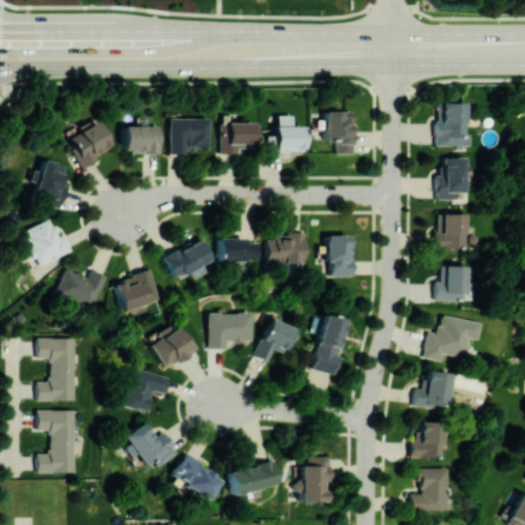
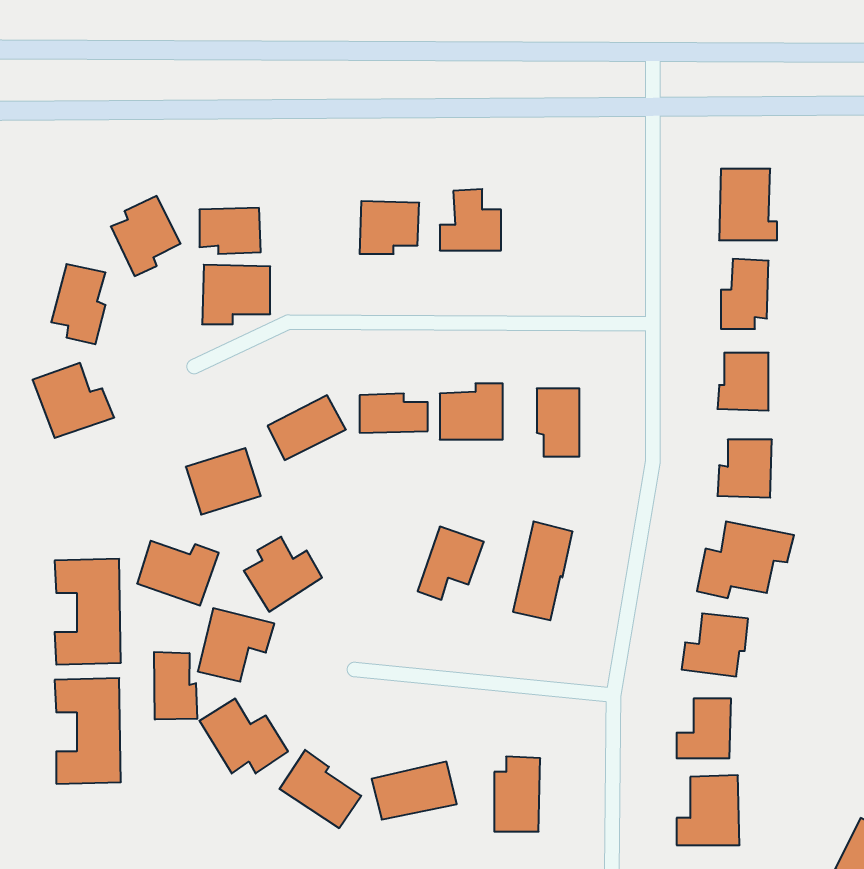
building: [326,112,354,154] -> none
building: [170,118,211,154] -> [202,265,270,324]
building: [57,269,107,308] -> [137,541,219,606]
building: [208,313,252,349] -> none
building: none -> [154,652,197,720]

